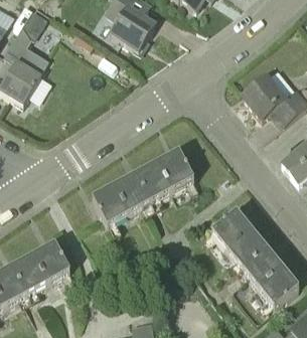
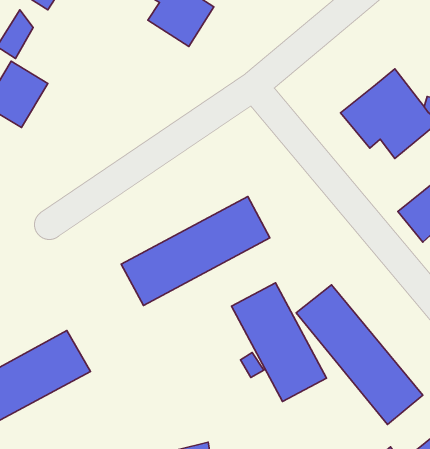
building: none -> [231,283,326,402]

